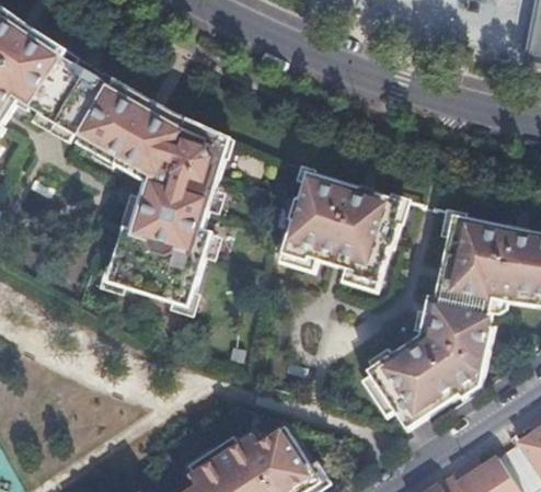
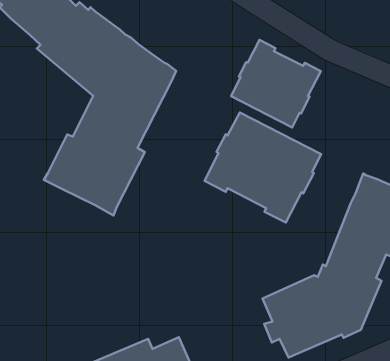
building: none -> [231,40,321,127]

